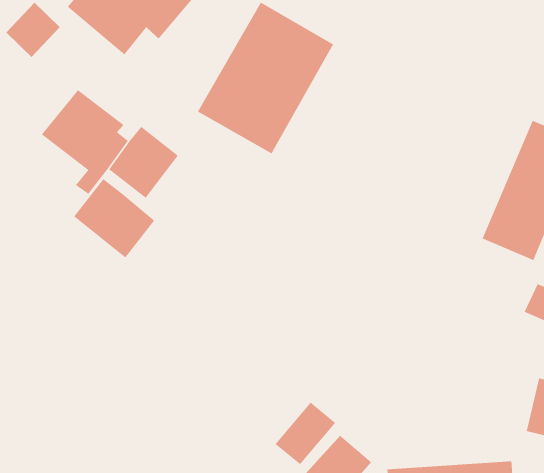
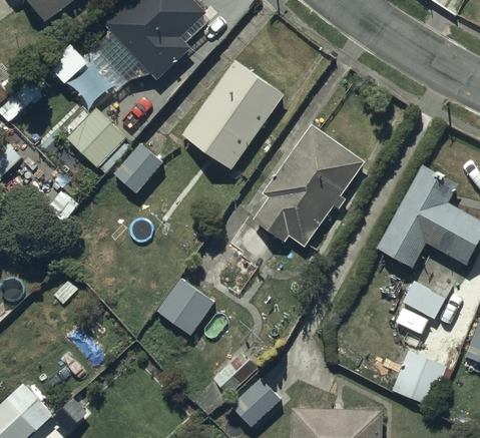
building: none -> [251,124,365,247]
building: [73,178,155,258] -> none
building: none -> [155,279,213,337]

